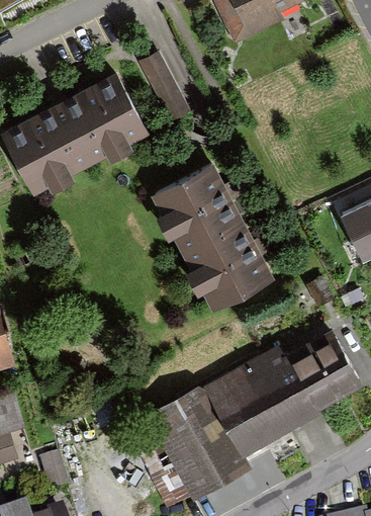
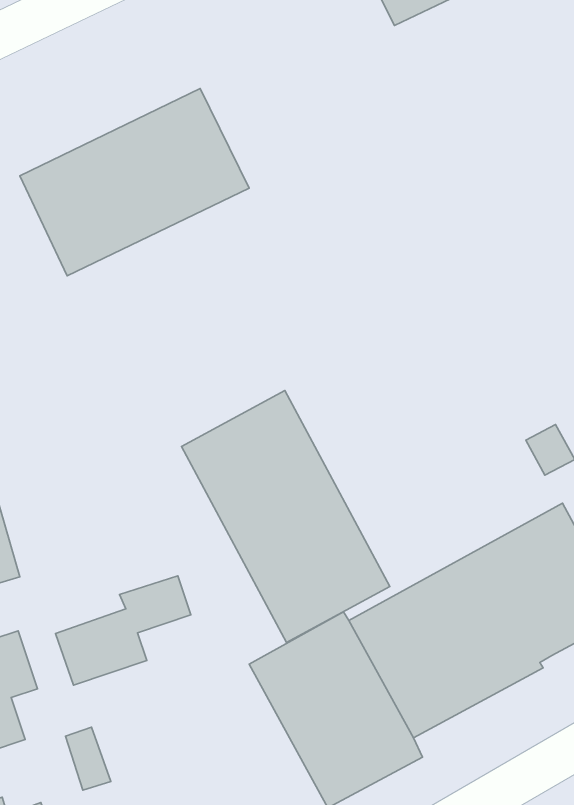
building: [152,166,272,312] -> [182,391,390,643]
building: none -> [55,576,191,685]

